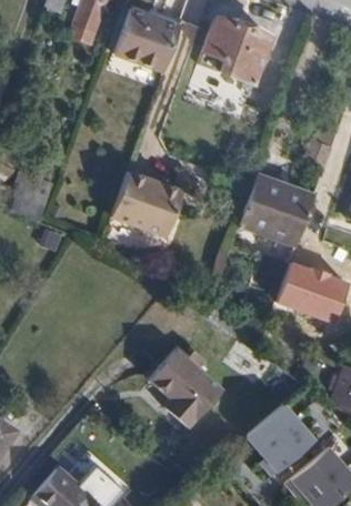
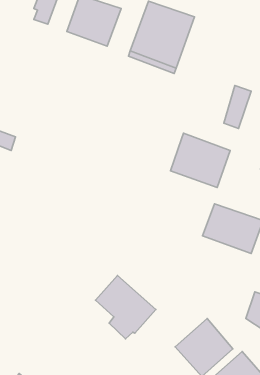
building: [110,168,189,234] -> none

